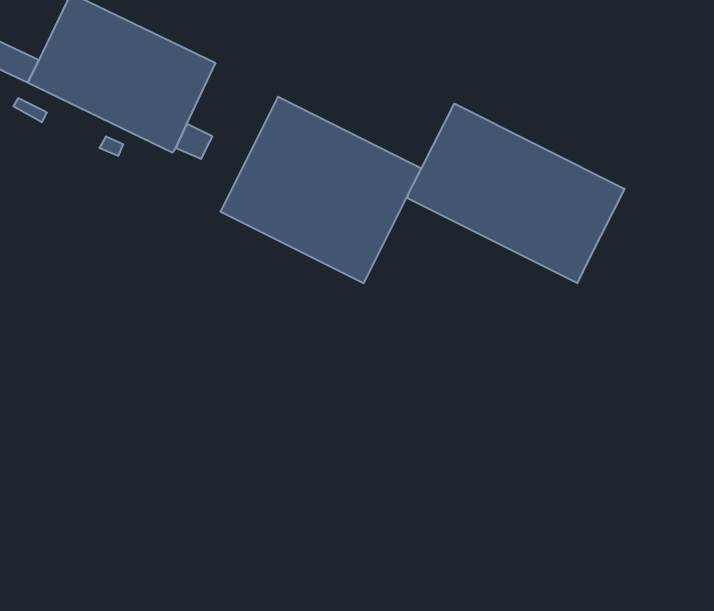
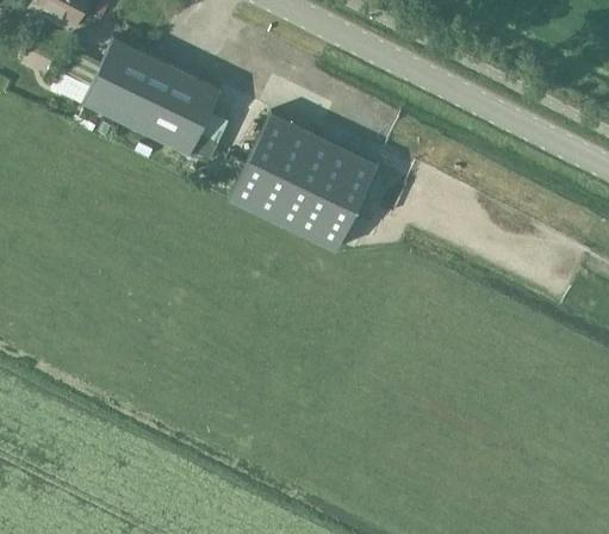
building: [407,104,625,283] -> none

